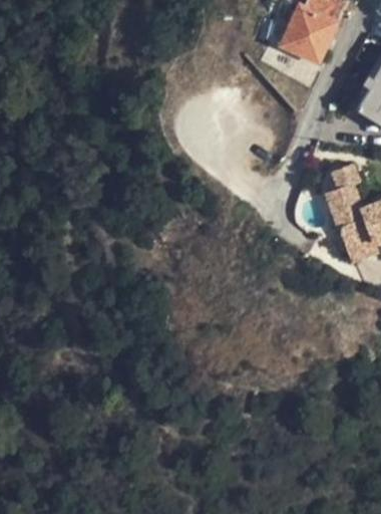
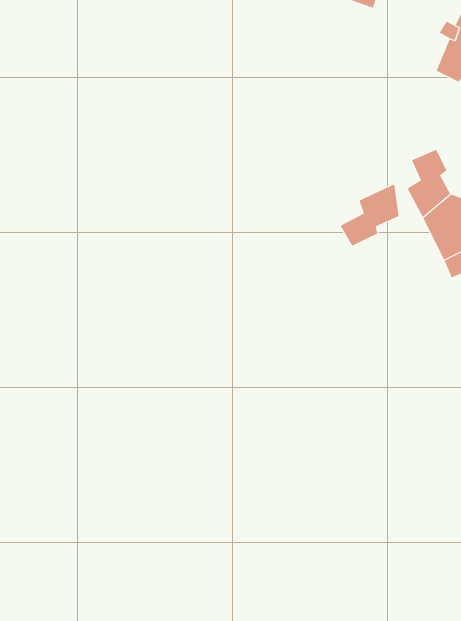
building: none -> [340,183,399,247]

